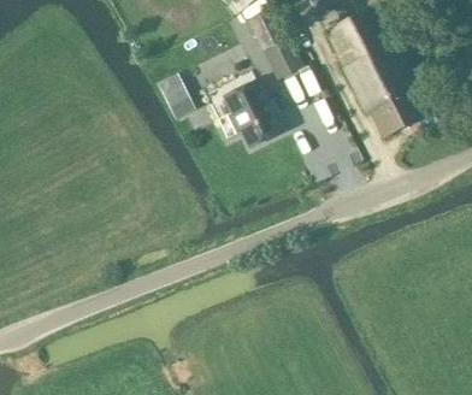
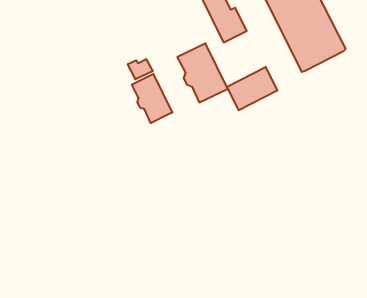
building: [368,88,426,137] -> [227,67,278,110]
building: none -> [132,74,172,123]

